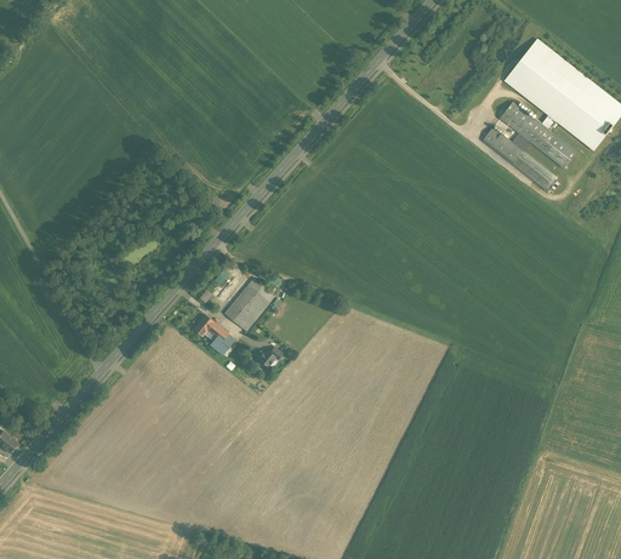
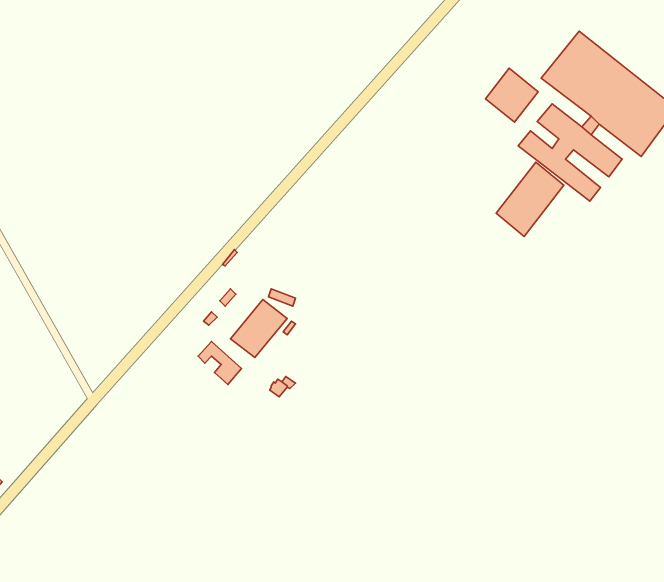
building: none -> [486,68,538,122]
building: none -> [496,162,564,236]

